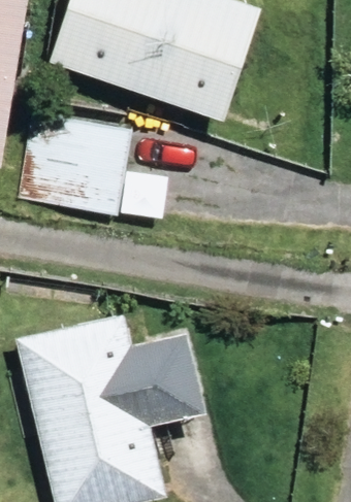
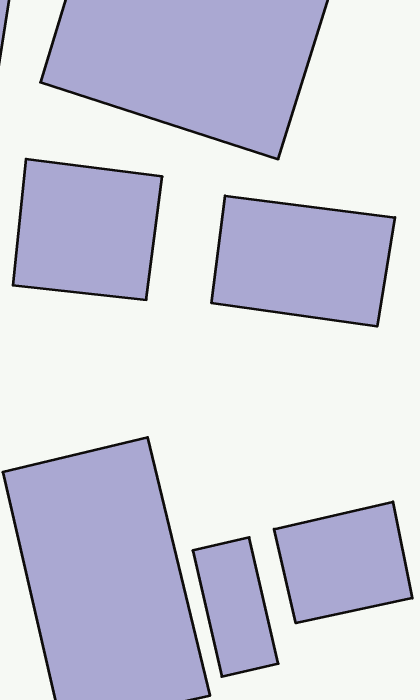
building: none -> [212,196,395,326]
building: none -> [274,502,412,623]

